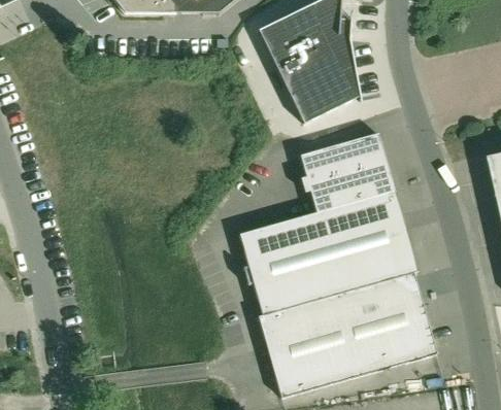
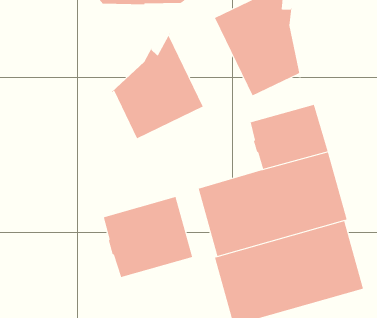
building: none -> [111,32,204,139]
building: none -> [103,196,193,278]

